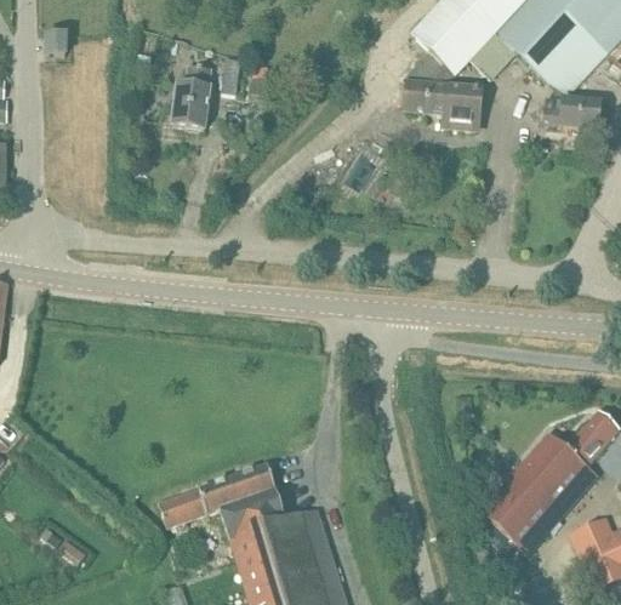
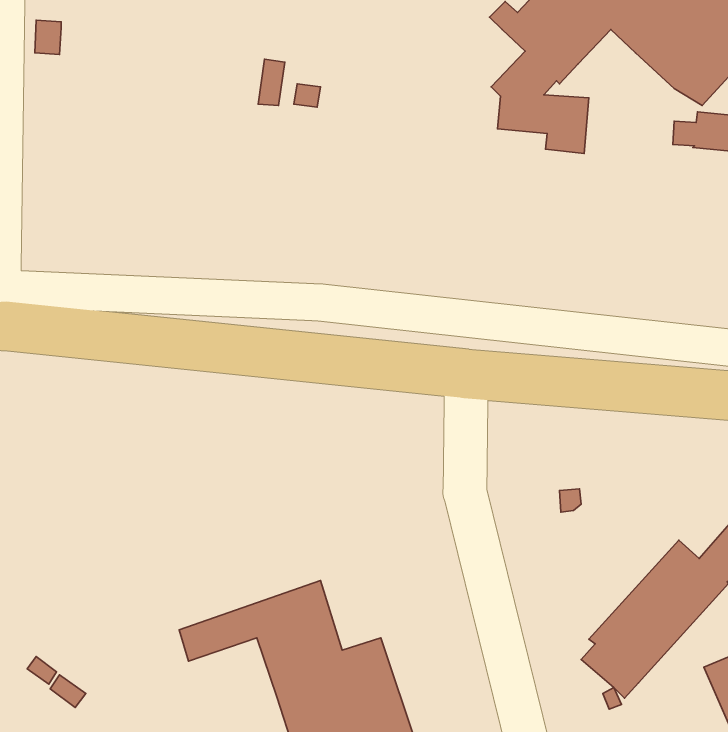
building: [172,63,211,129] -> none

